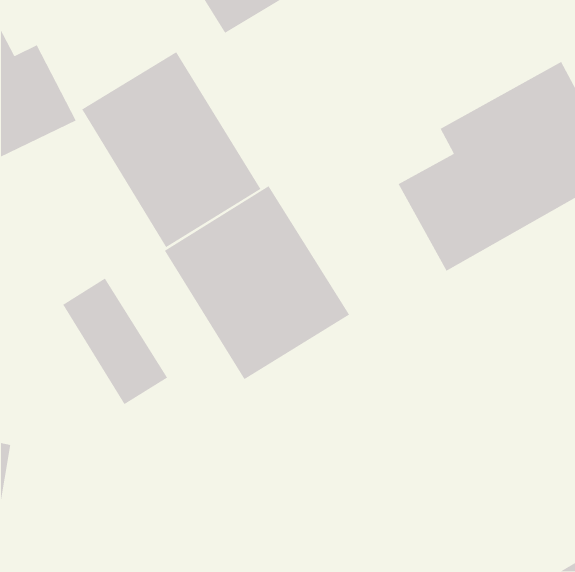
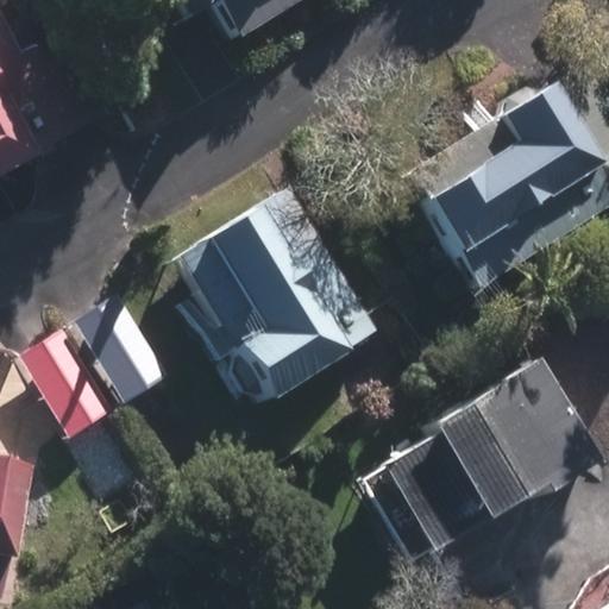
building: [81,51,262,248] -> none
building: none -> [388,372,583,541]

